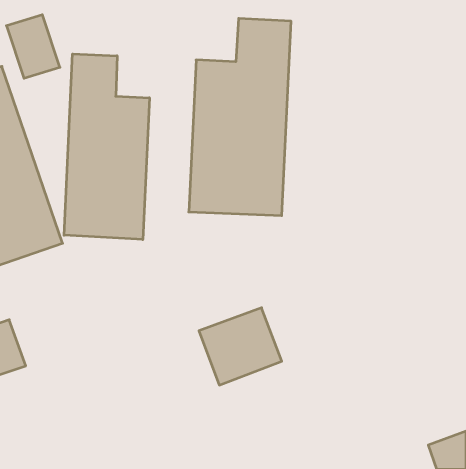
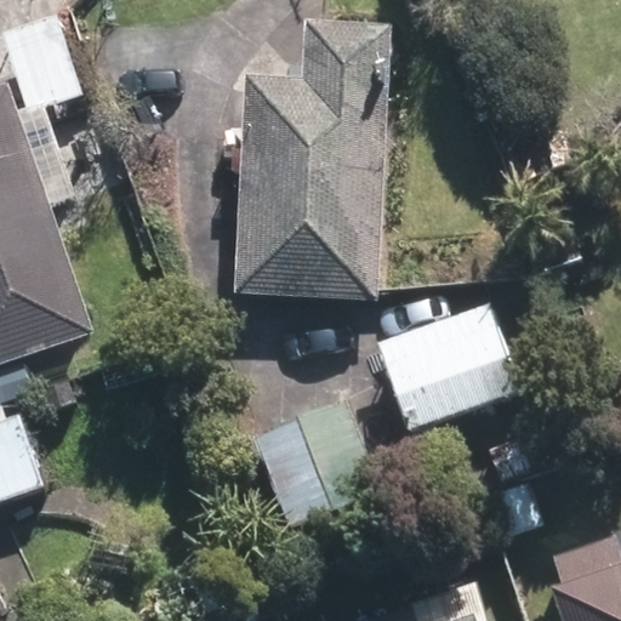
building: [64,54,149,240] -> none
building: none -> [391,310,524,426]

